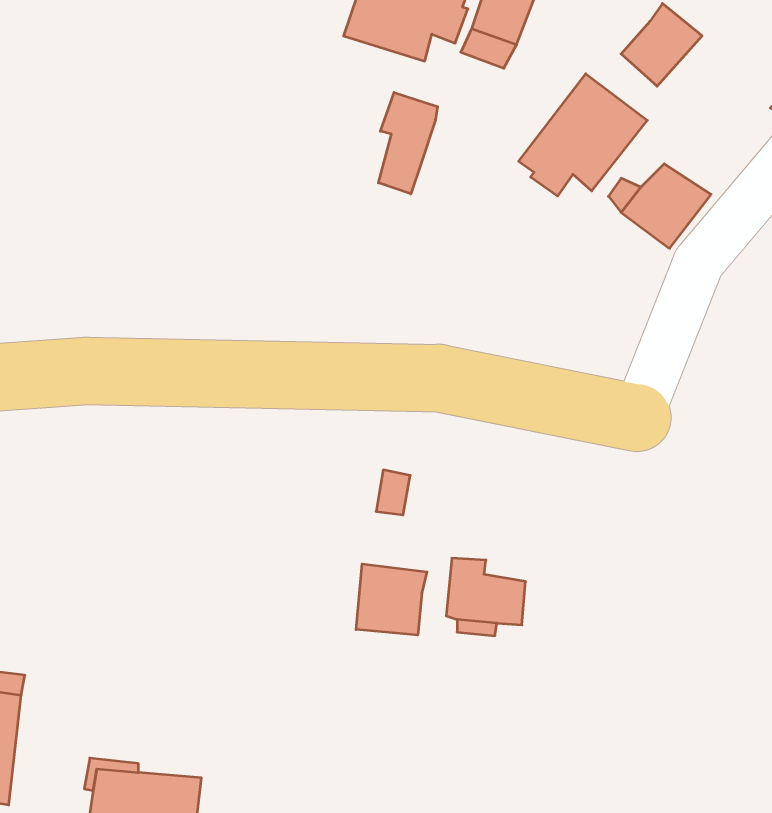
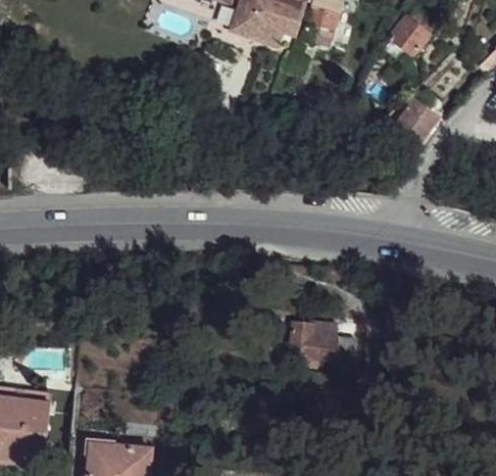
building: [519,74,647,196] -> none
building: [378,92,438,194] -> none
building: [356,564,427,635] -> none

